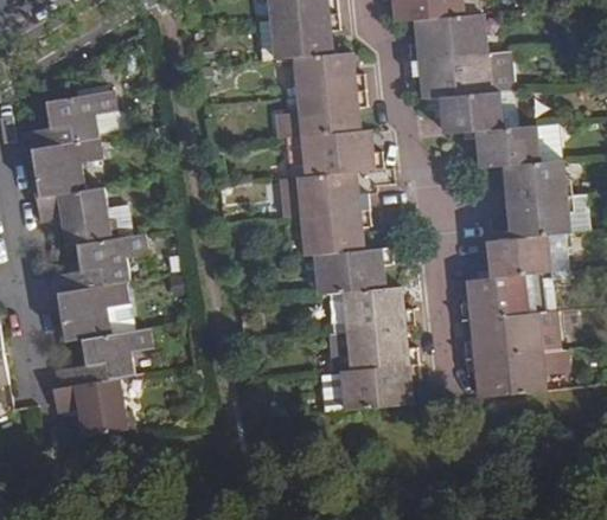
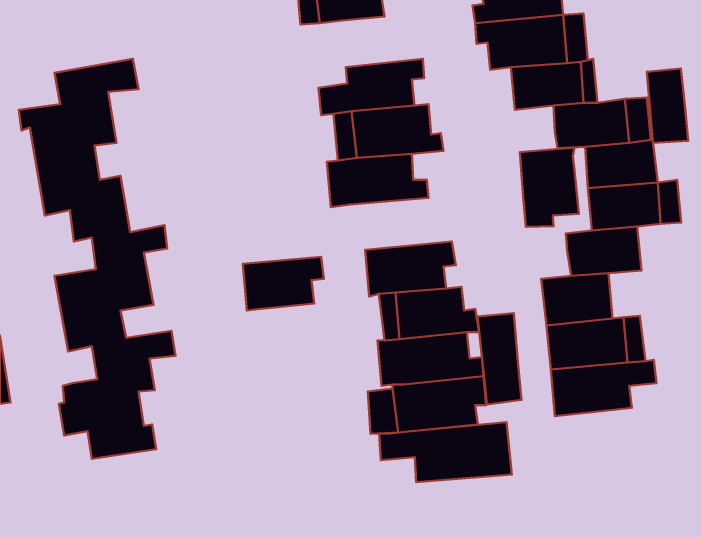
building: [295,51,365,96] -> none
building: none -> [647,69,688,143]
building: none -> [520,147,579,227]
building: [302,208,372,255] -> [243,257,324,310]
building: none -> [478,313,521,404]
building: none -> [379,422,512,482]

